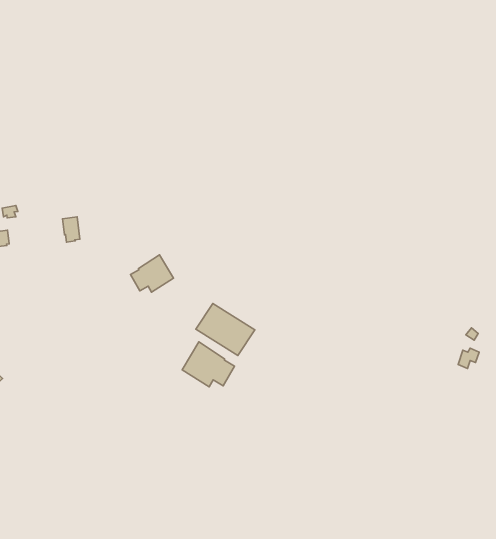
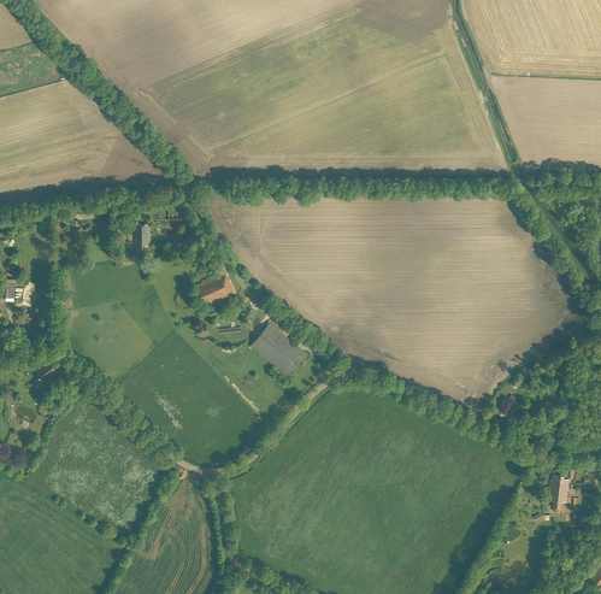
building: [182,342,234,387] -> none

